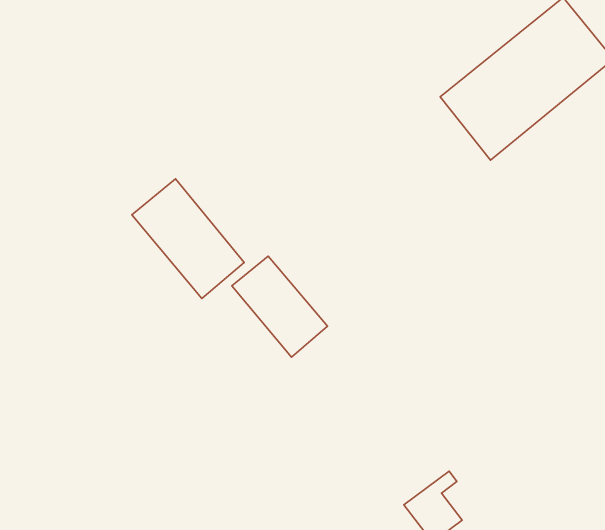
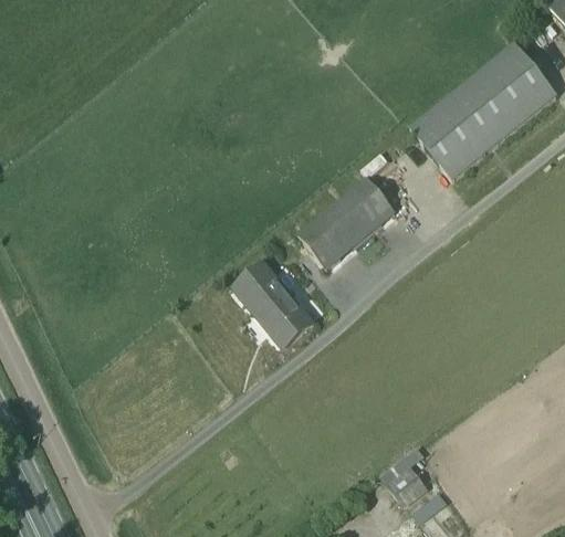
building: none -> [295,175,395,268]
building: [132,179,244,299] -> none

